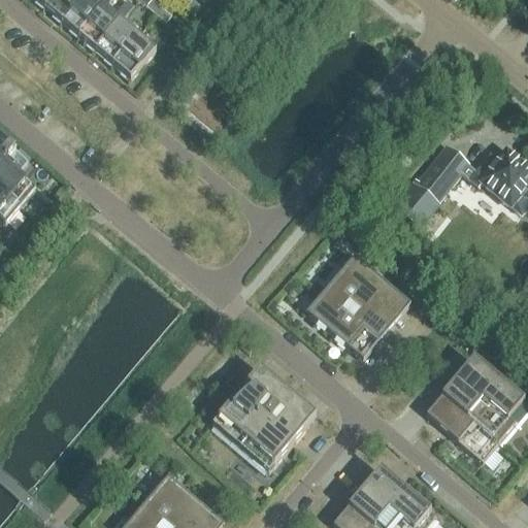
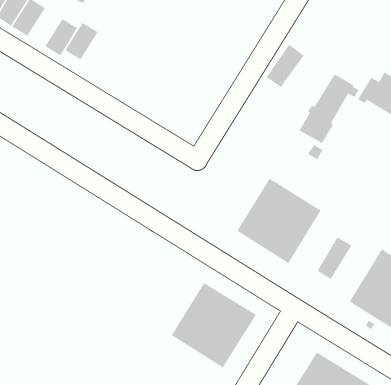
building: [95,18,138,62] -> [64,22,99,60]
building: none -> [266,44,305,88]
building: none -> [317,237,352,280]

